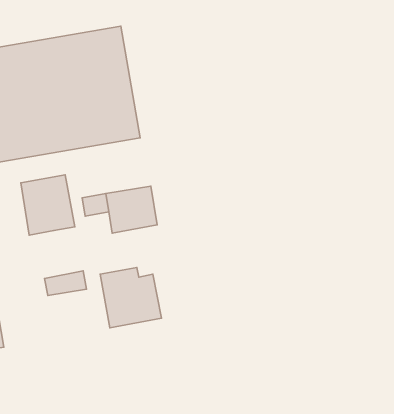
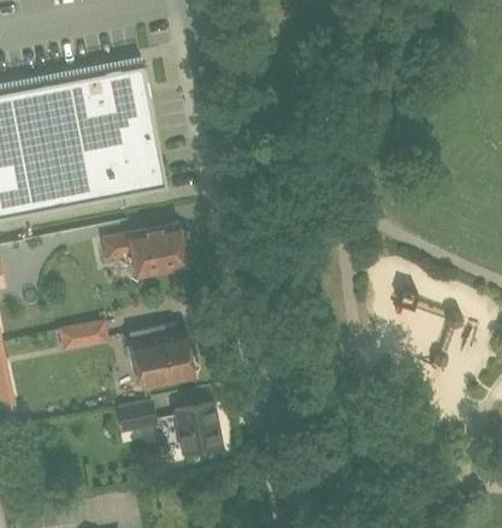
building: [21,175,75,235] -> none
building: none -> [112,403,222,464]

